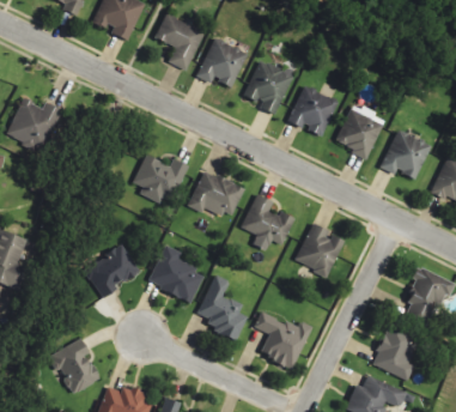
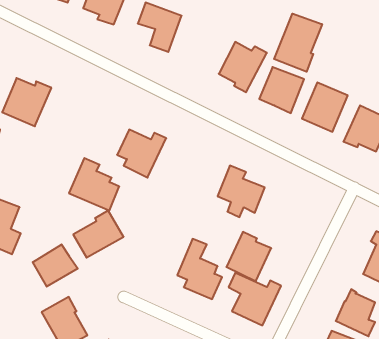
building: none -> [274,14,322,72]
building: [195,37,247,86] -> none
building: [187,169,244,218] -> none
building: [294,223,343,277] -> [226,232,271,281]
building: [147,244,202,302] -> [69,158,119,211]
building: none -> [33,244,78,287]

